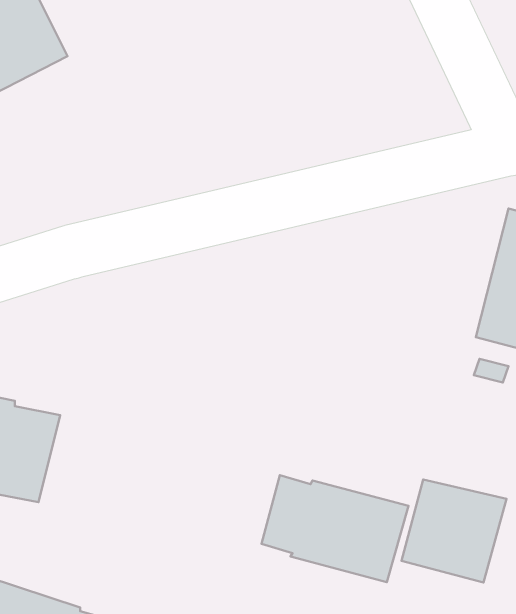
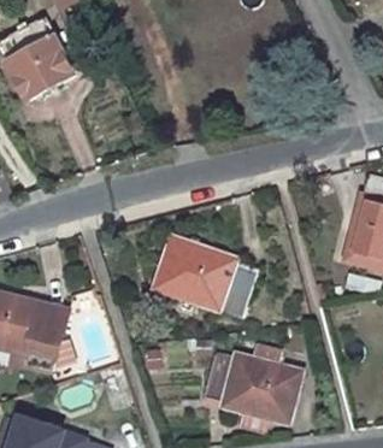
building: none -> [155,238,258,317]
building: [402,479,506,583] -> none

